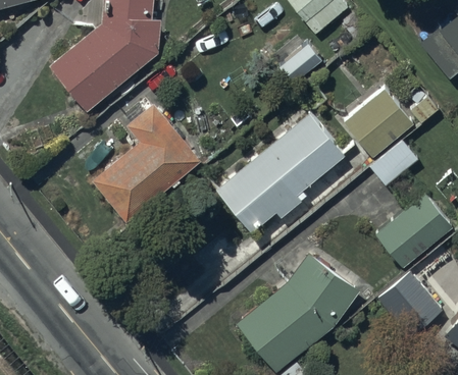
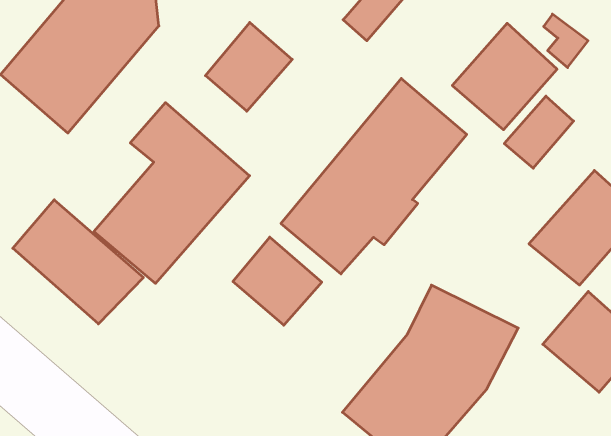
building: none -> [205,22,292,111]
building: none -> [13,200,143,324]
building: none -> [233,237,322,325]

